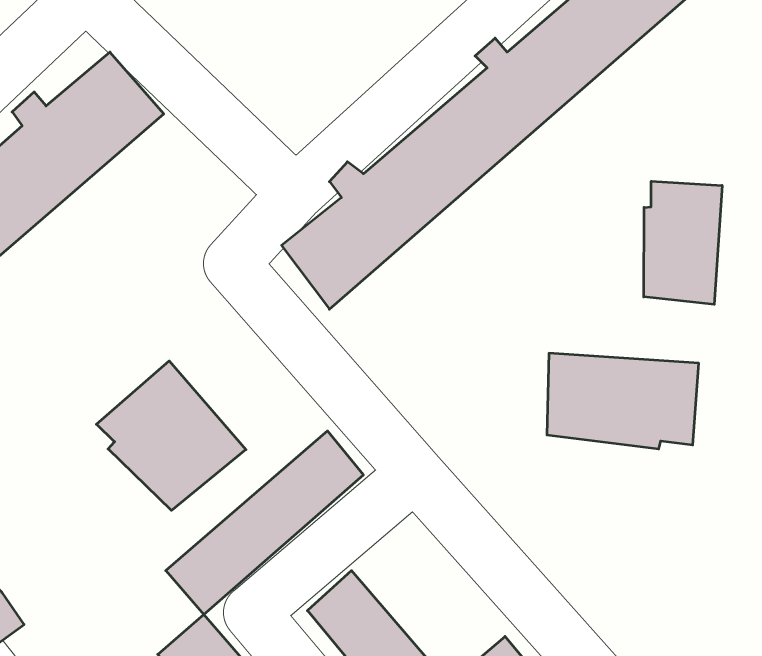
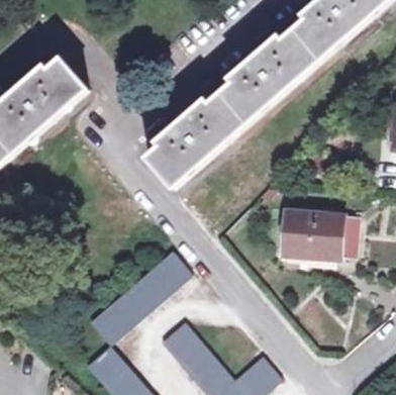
building: [644,181,722,304] -> none
building: [96,361,246,510] -> none

